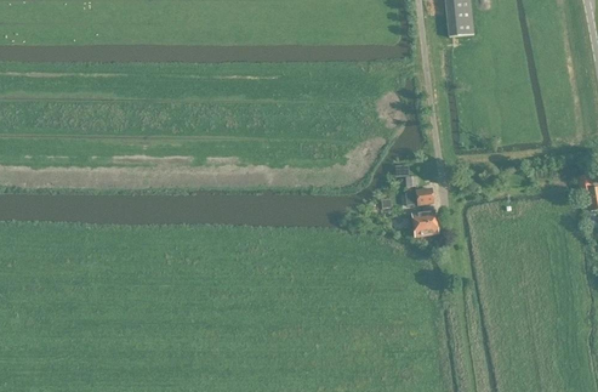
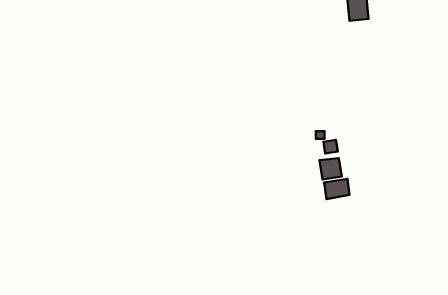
building: none -> [324,179,350,199]

